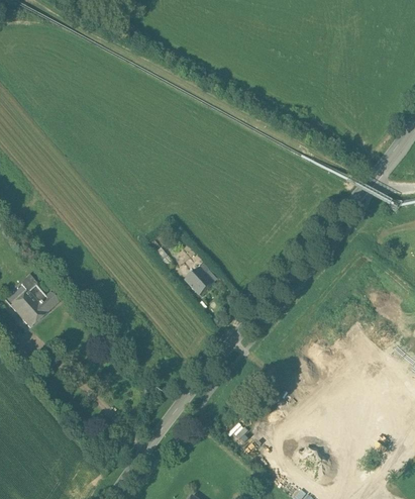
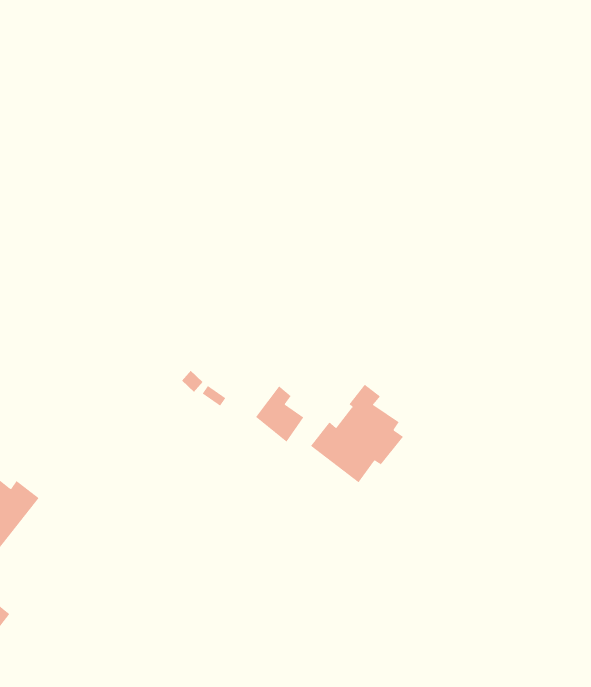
building: none -> [310,384,404,483]

